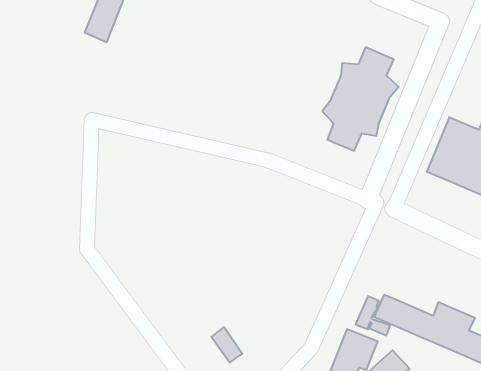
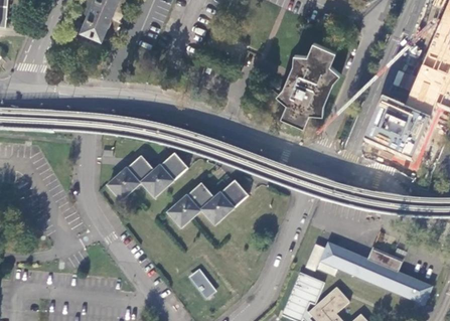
building: none -> [107,153,187,200]
building: none -> [166,180,249,227]

